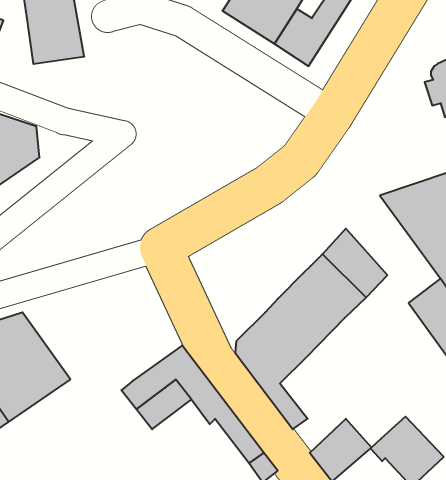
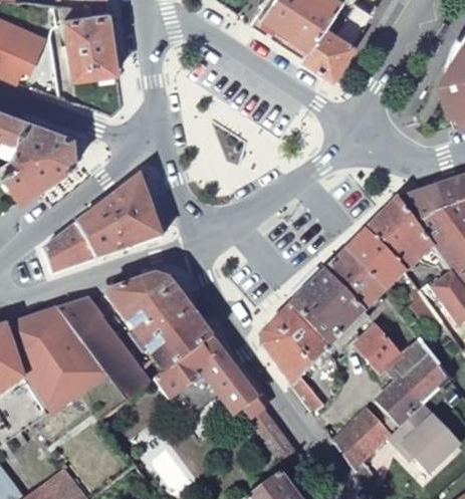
building: none -> [43,174,162,272]
building: none -> [366,197,433,272]
building: none -> [105,275,211,371]
building: none -> [60,298,151,401]
building: none -> [353,324,451,427]

